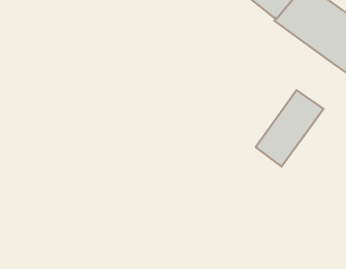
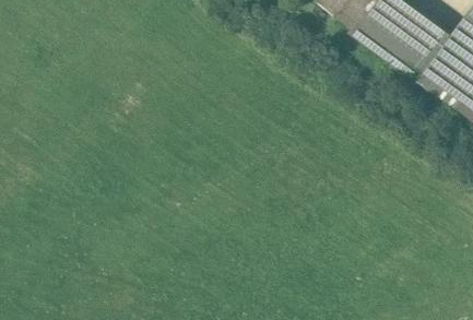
building: [256,90,324,167] -> none

